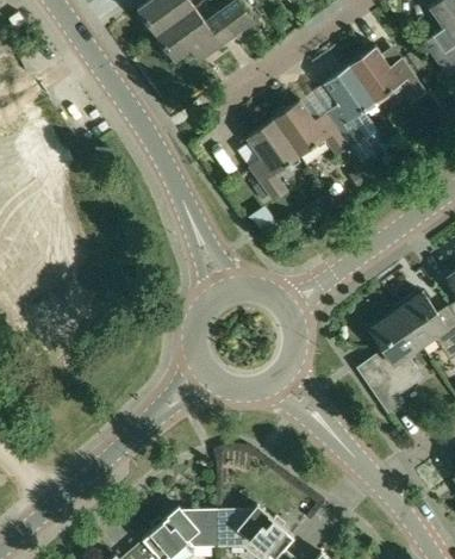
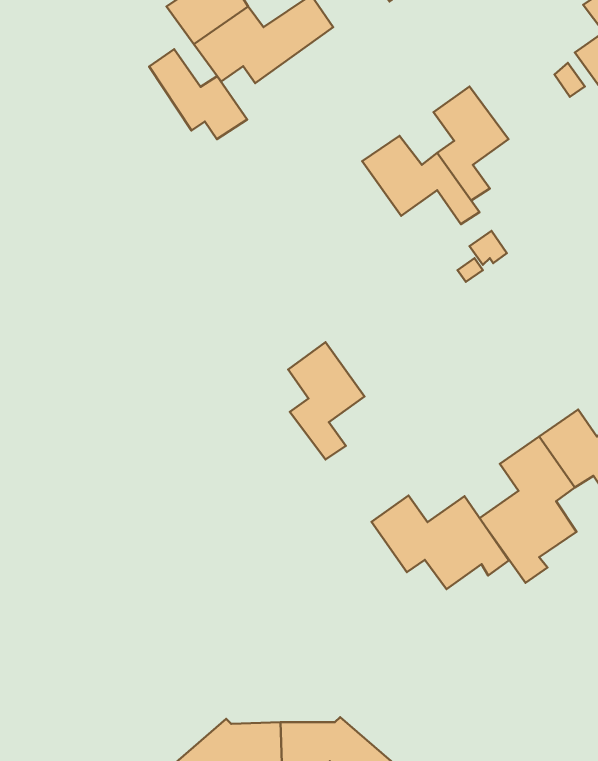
building: none -> [149,49,247,139]
building: [348,45,426,103] -> none
building: [247,118,300,200] -> [288,342,365,460]
building: none -> [371,496,509,589]

